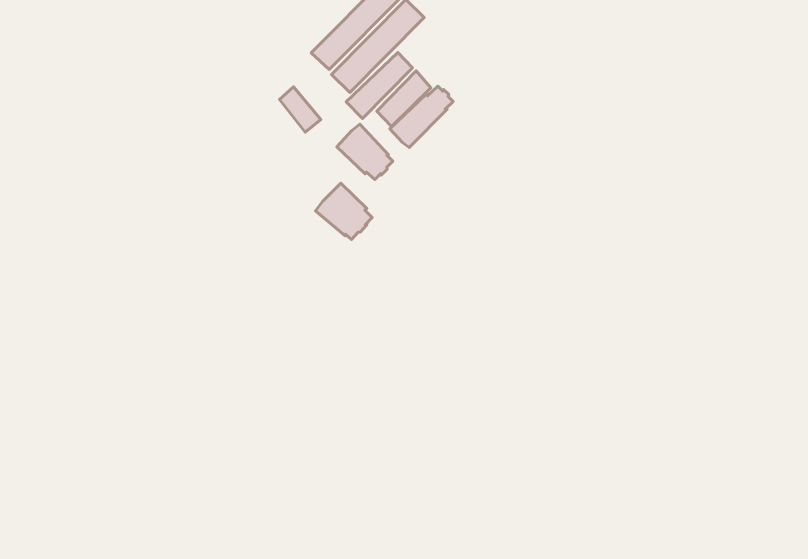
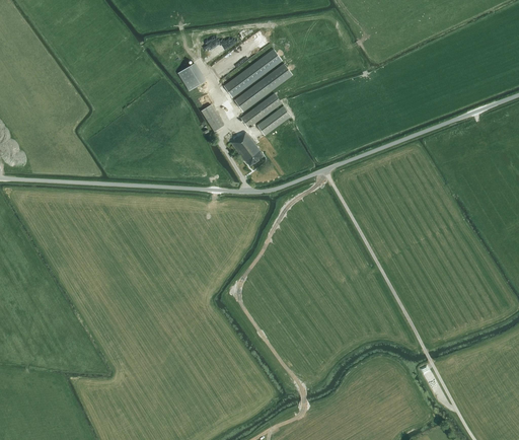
building: none -> [177,63,205,91]
building: [390,86,453,148] -> none
building: [315,183,372,240] -> none

